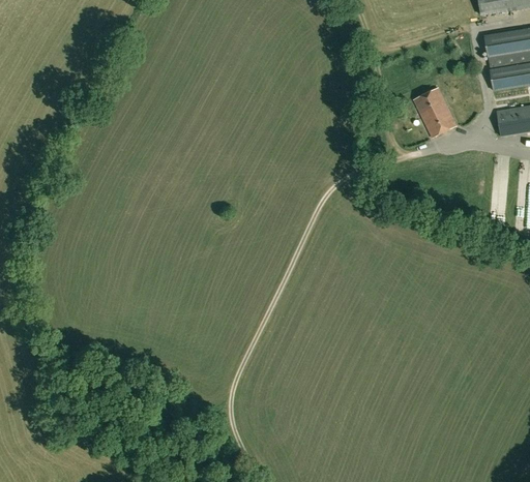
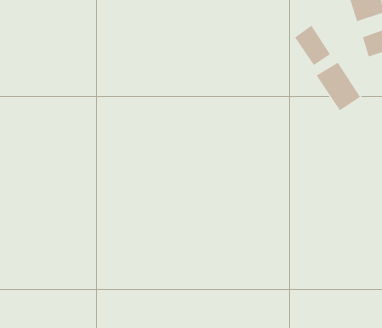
building: none -> [316,62,361,111]

